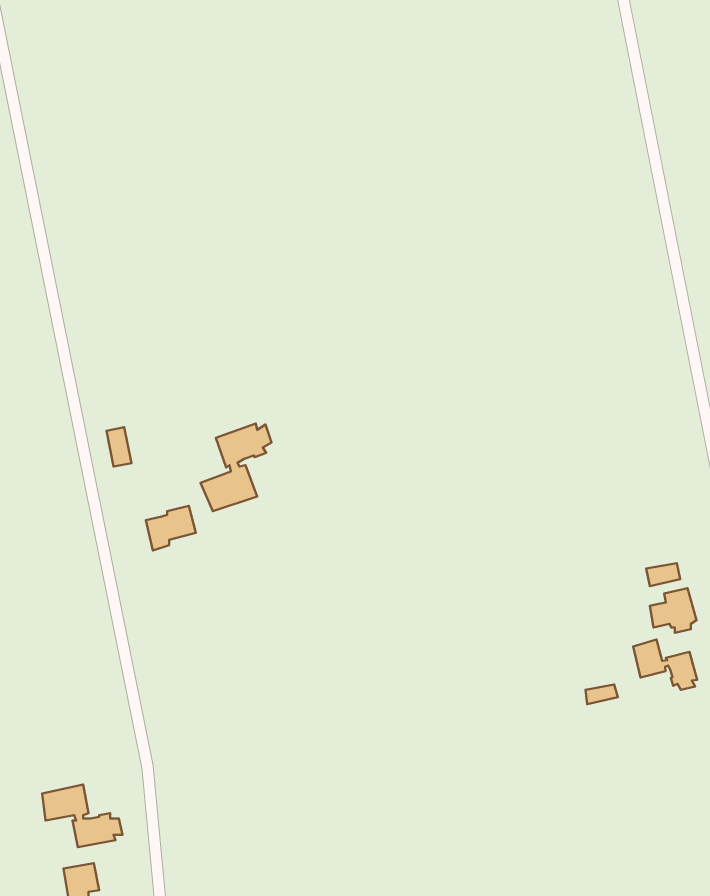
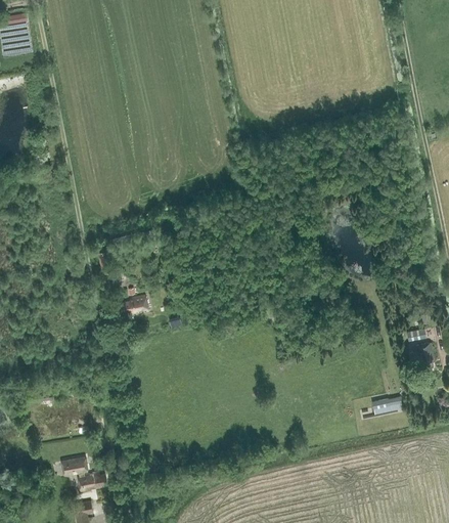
building: [201,423,271,511] -> none
building: [633,640,697,690] -> none

